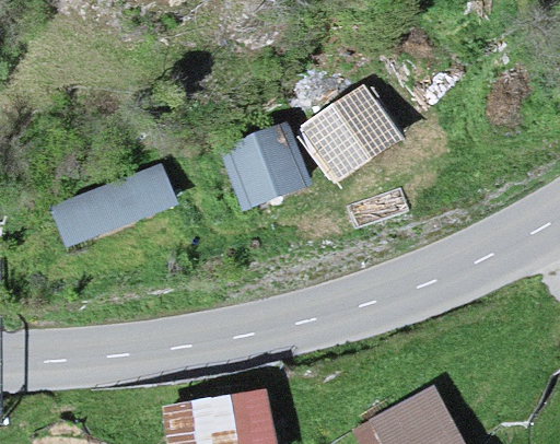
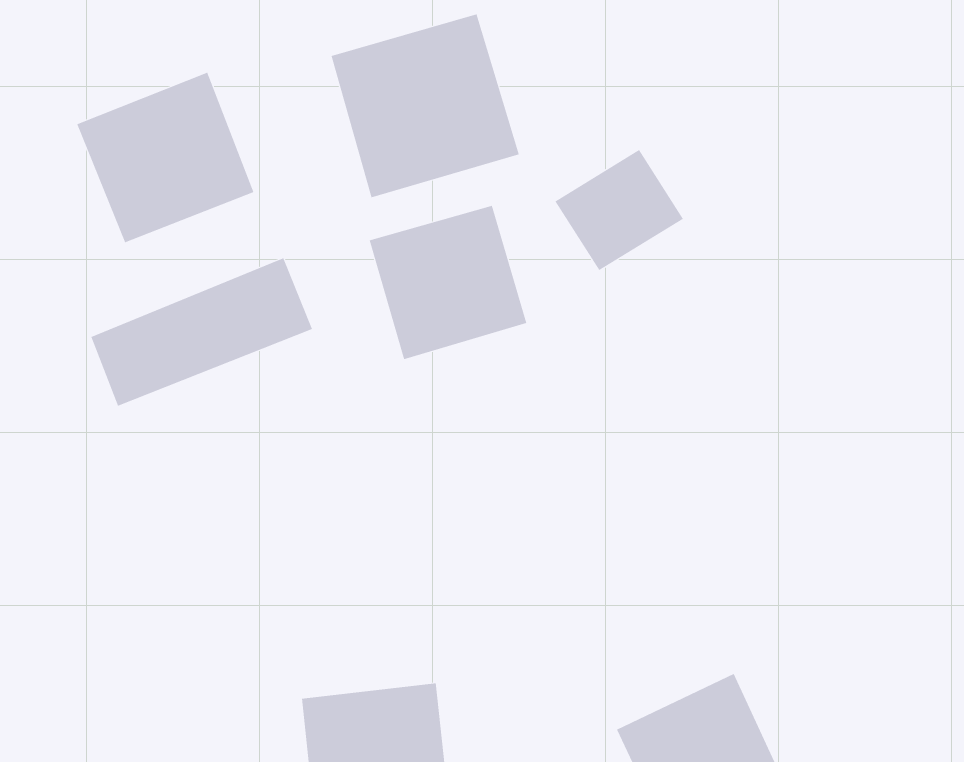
building: none -> [331,14,519,198]
building: none -> [76,72,254,243]

